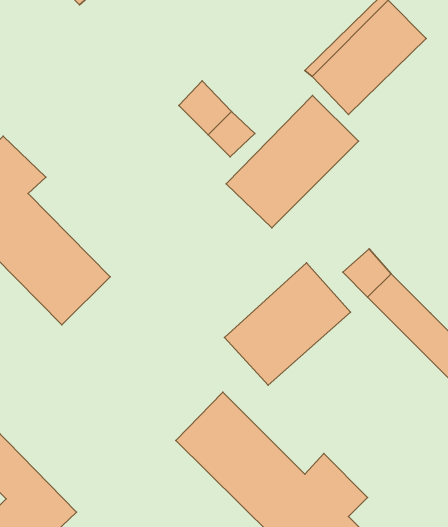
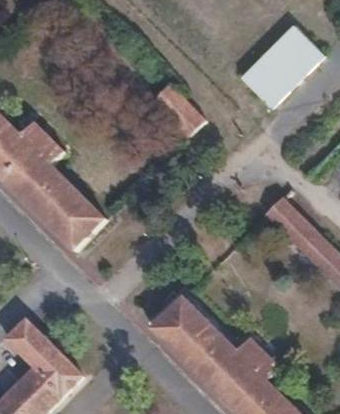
building: [226,95,358,228] -> none
building: [224,263,350,385] -> none

